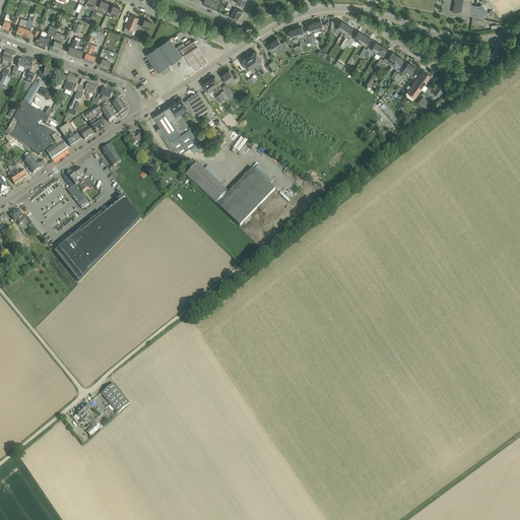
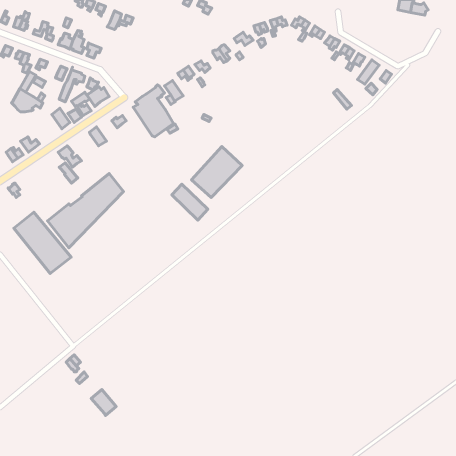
building: [145,38,197,71] -> none
building: [4,117,67,159] -> none
building: [185,161,225,202] -> [172,184,208,220]
building: none -> [14,212,71,274]
building: [101,383,129,412] -> [91,389,116,415]

